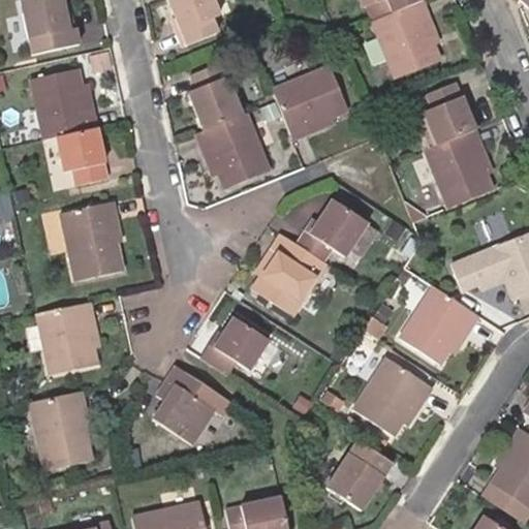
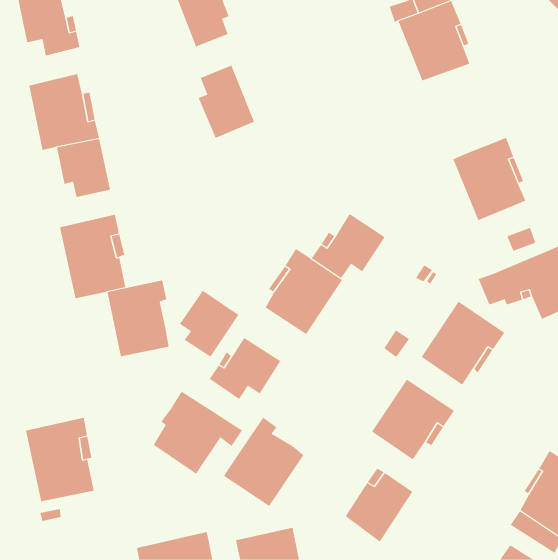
building: [272,64,349,139] -> none
building: [428,82,479,145] -> none
building: [196,114,270,188] -> none
building: none -> [179,290,239,358]
building: [37,303,96,375] -> [107,280,169,357]
building: none -> [223,417,304,507]

